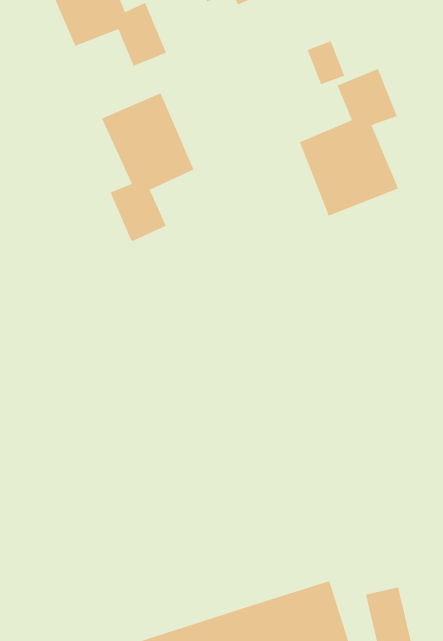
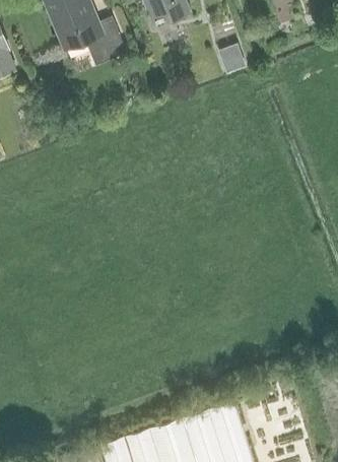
building: [299,68,399,216] -> none
building: [101,92,194,242] -> none

